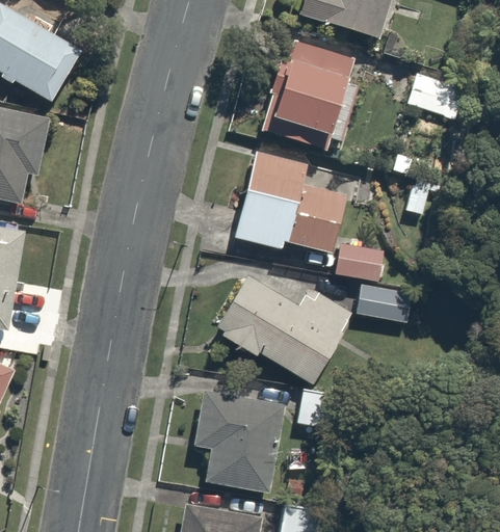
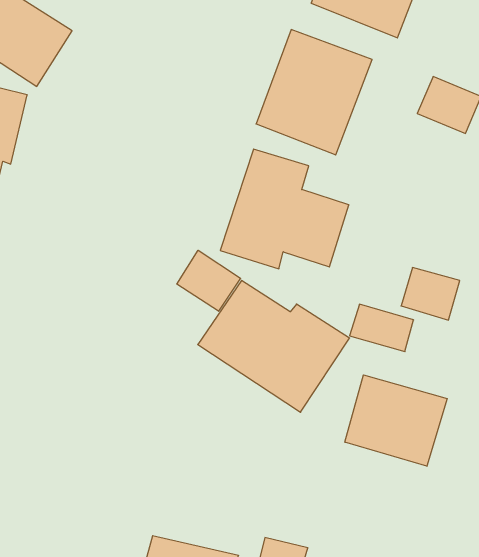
building: [333,238,385,284] -> [401,268,460,320]
building: none -> [177,250,241,311]
building: none -> [345,375,447,466]
building: [191,389,288,501] -> none

